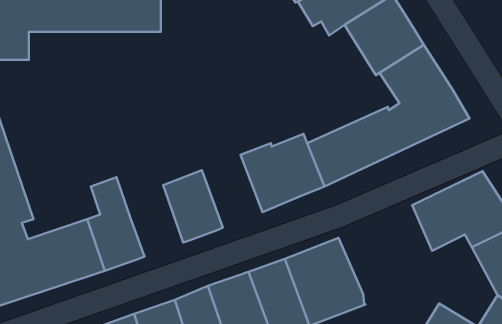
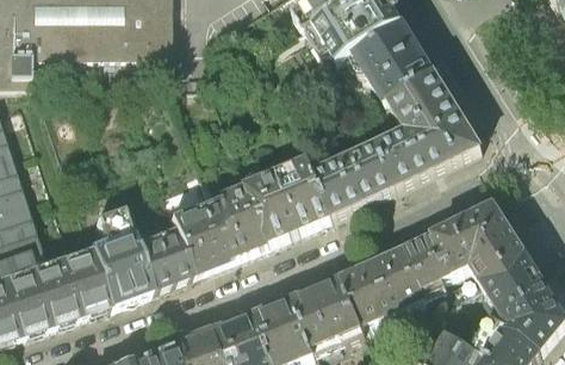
building: none -> [209,184,271,258]
building: none -> [136,215,190,287]
building: none -> [348,235,449,326]

